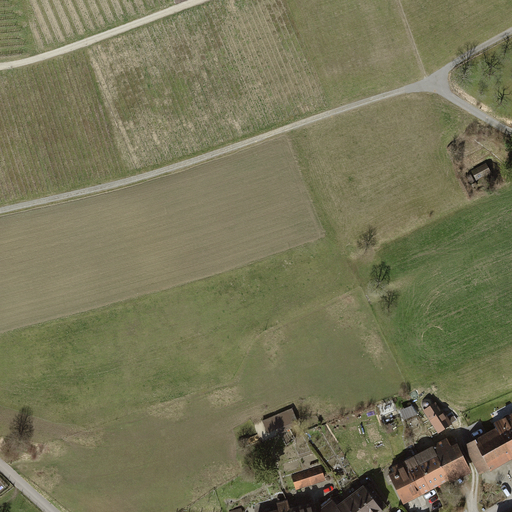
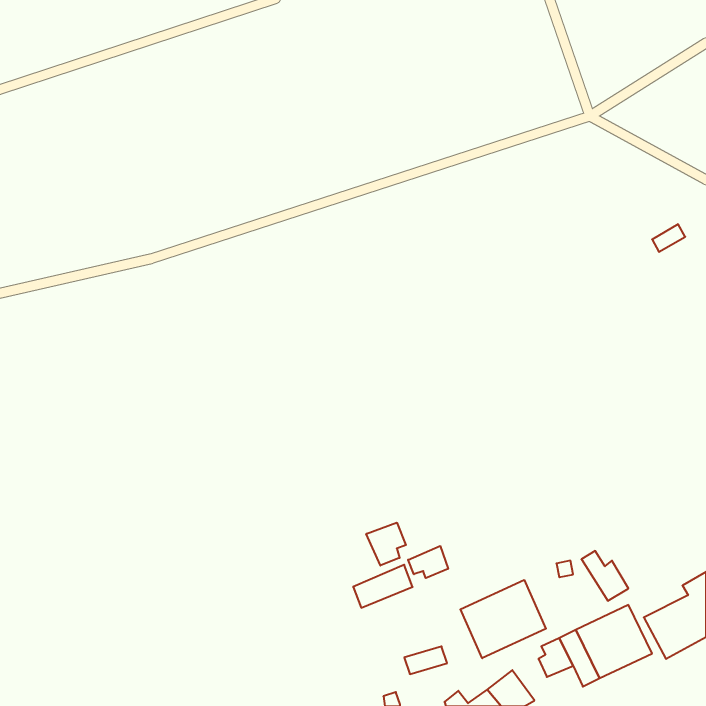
building: none -> [366,523,406,566]
building: none -> [408,546,448,578]
building: none -> [460,580,546,658]
building: [395,481,421,505] -> none

